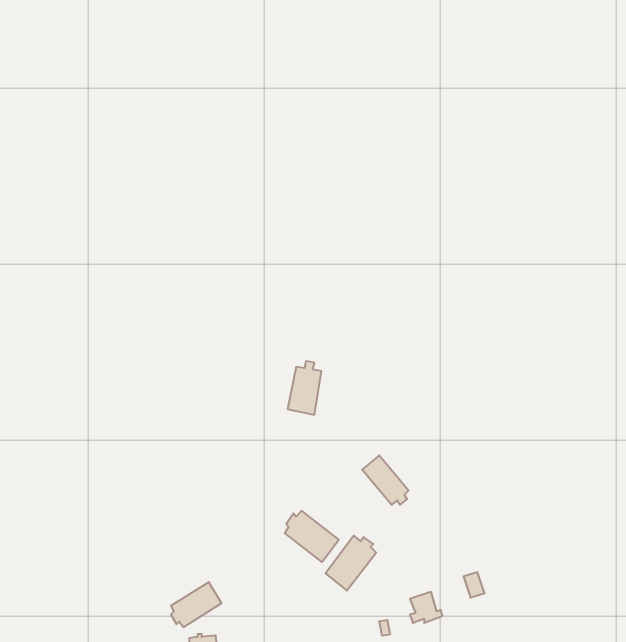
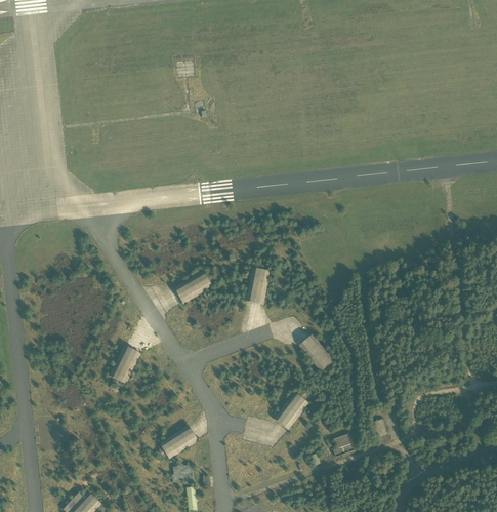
building: none -> [173,270,211,304]
building: none -> [109,345,139,384]
building: [285,511,339,562] -> none

